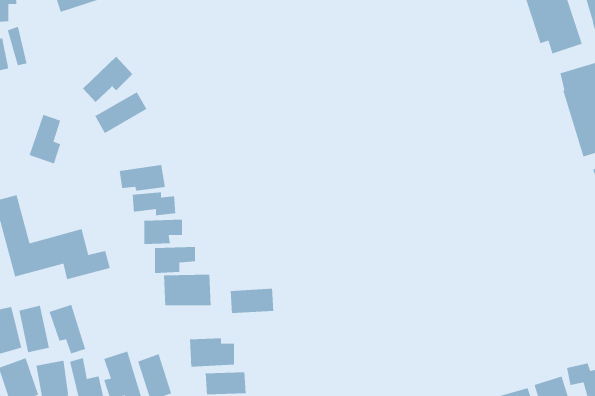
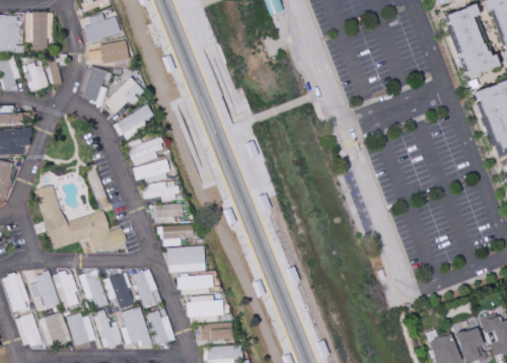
building: none -> [98,40,129,65]
building: [29,114,61,165] -> [81,66,106,105]
building: none -> [126,138,162,166]
building: [230,288,274,314] -> [177,275,212,295]
building: none -> [134,270,159,307]
building: none -> [102,272,136,309]

